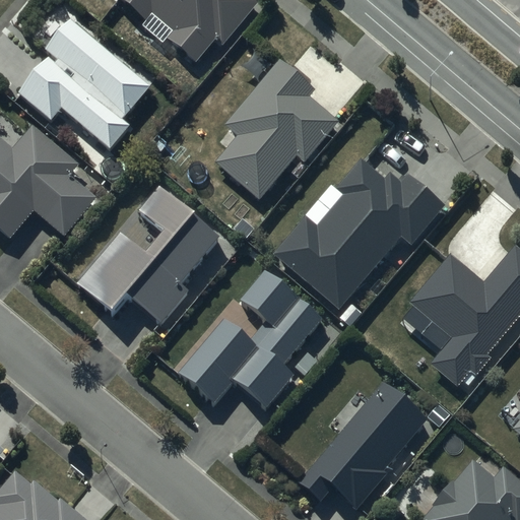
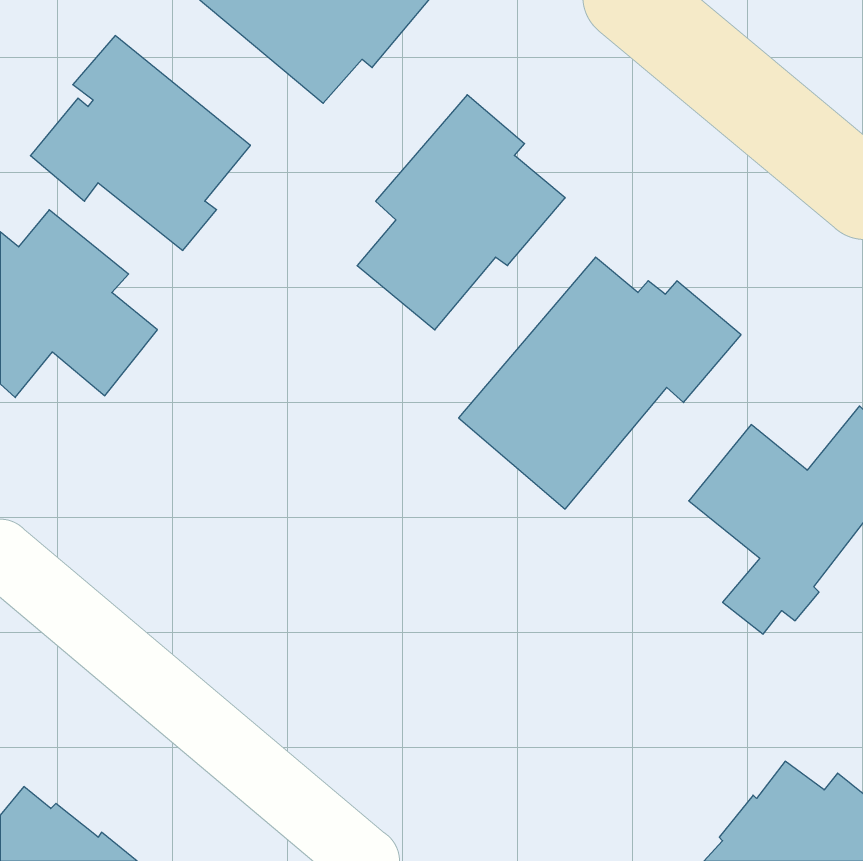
building: [78,187,220,325] -> none
building: [179,271,322,408] -> none
building: [301,386,425,507] -> none

